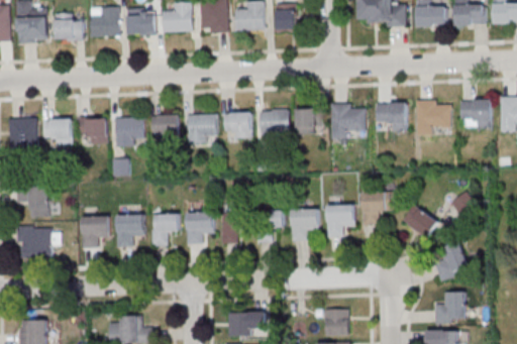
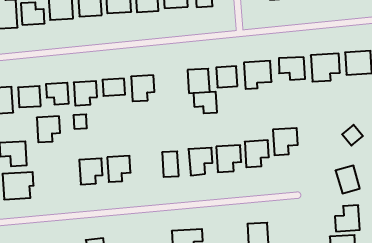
building: [223,112,251,138] -> [193,92,217,113]
building: [401,206,439,240] -> none
building: [186,213,214,244] -> none
building: [82,216,110,247] -> [37,116,60,142]

